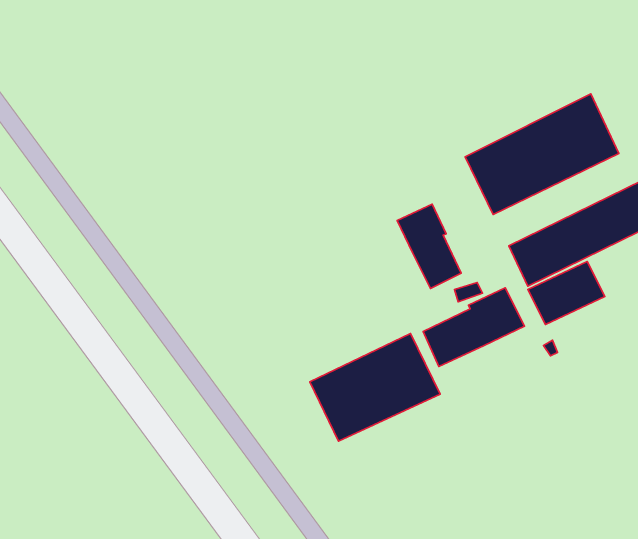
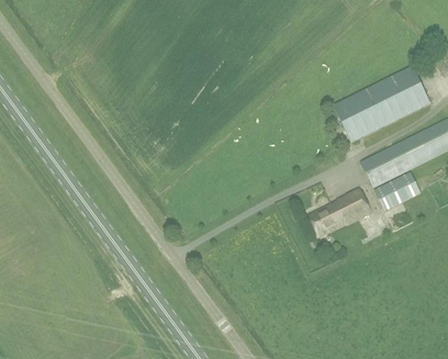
building: [397,204,461,289] -> none
building: [310,334,440,441] -> none

